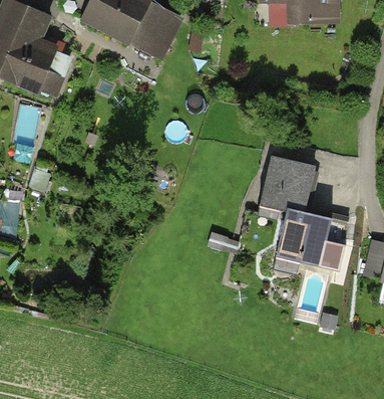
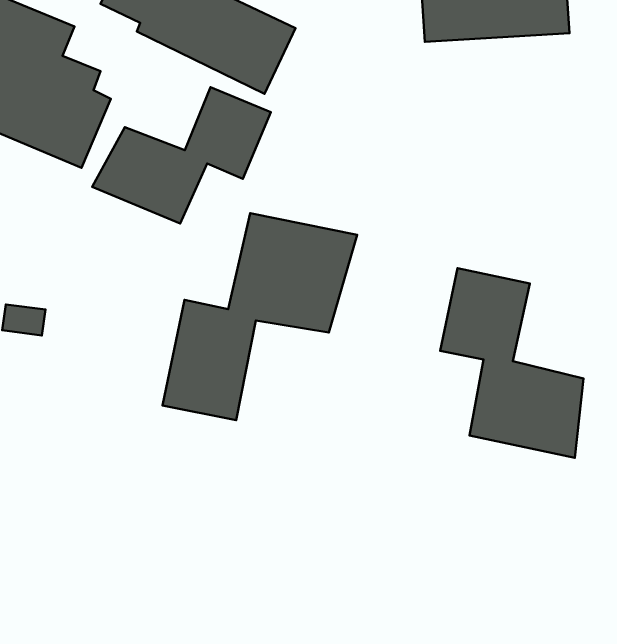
building: none -> [92,87,271,223]
building: none -> [162,213,357,420]

